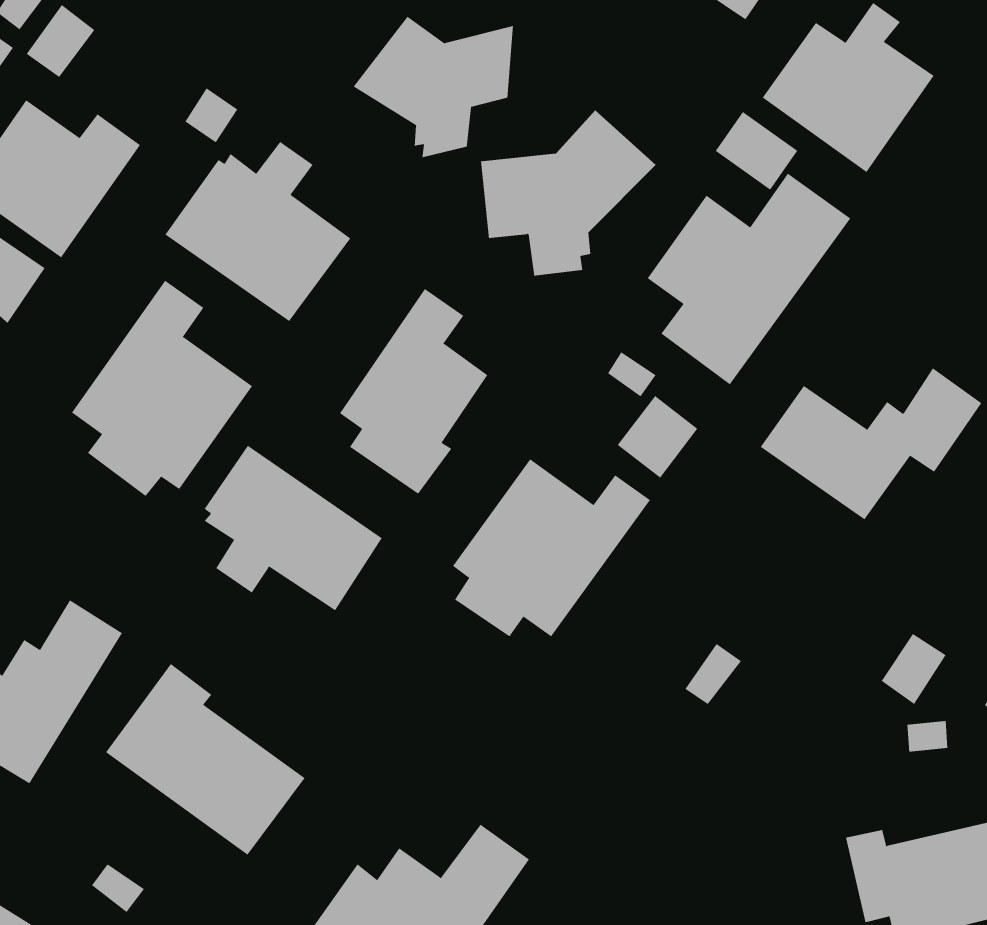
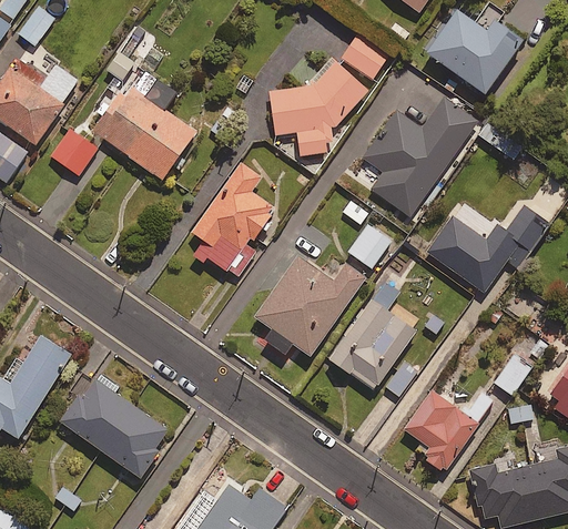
building: [353,16,513,158] -> none
building: [715,111,798,191] -> [341,34,387,79]
building: none -> [51,130,97,175]
building: [71,280,253,497] -> none
building: [204,445,383,611] -> none
building: none -> [328,283,415,391]
building: none -> [404,391,493,474]

